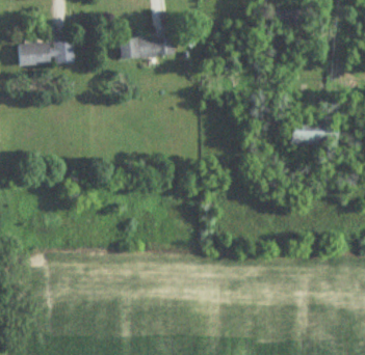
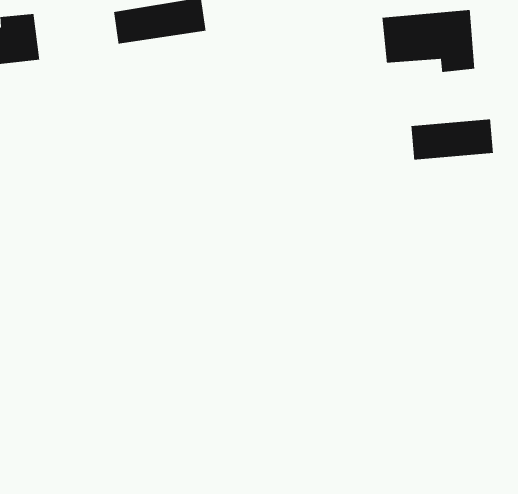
building: none -> [381,9,475,73]

